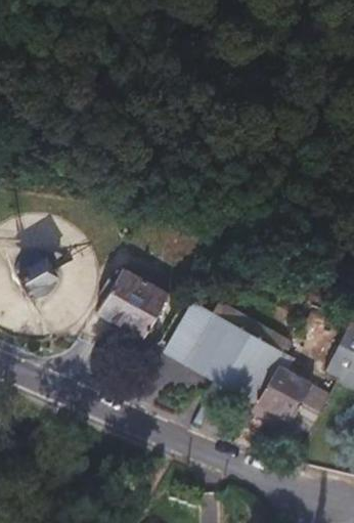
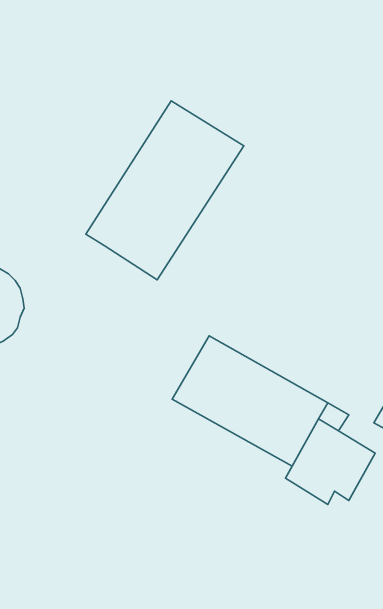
building: none -> [86,101,244,280]
building: [97,268,170,341] -> none

